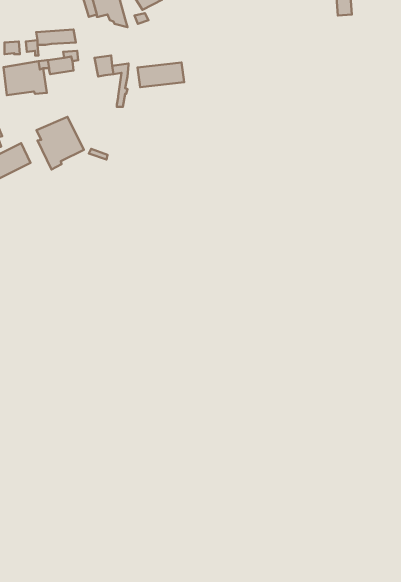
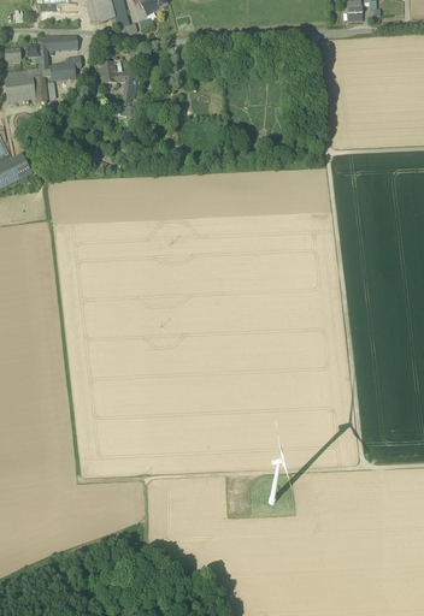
building: [138,63,184,87] -> none
building: [36,117,84,170] -> none

